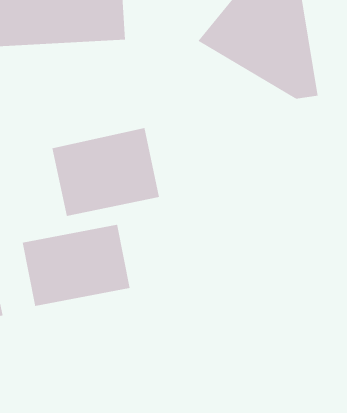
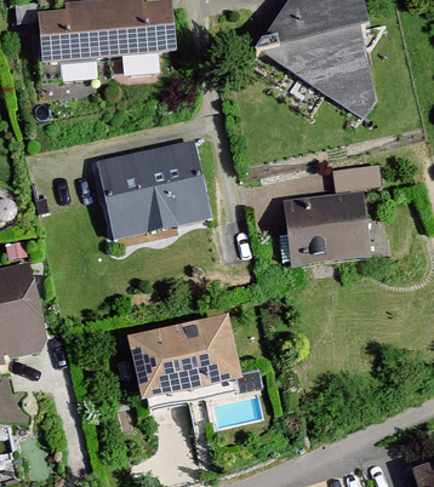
building: none -> [281,164,383,274]
building: [22,224,130,306] -> [122,319,238,406]

